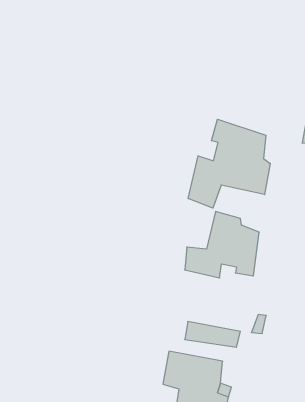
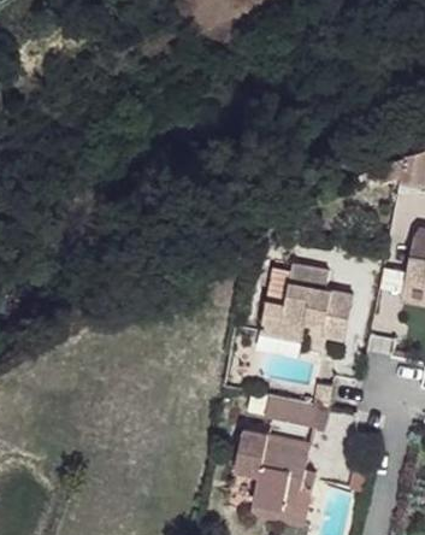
building: [188,119,270,208] -> none

